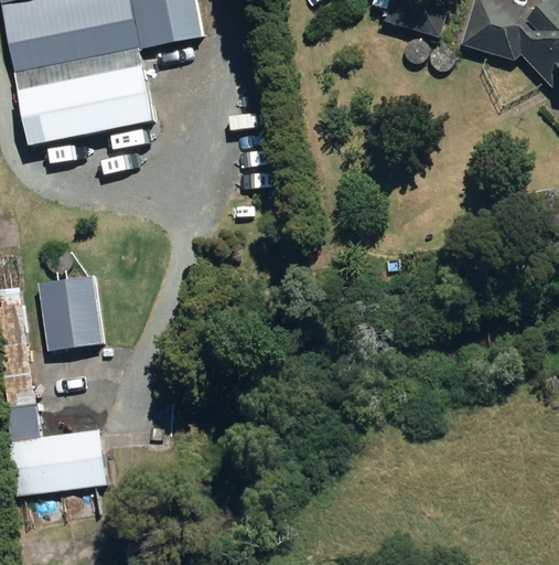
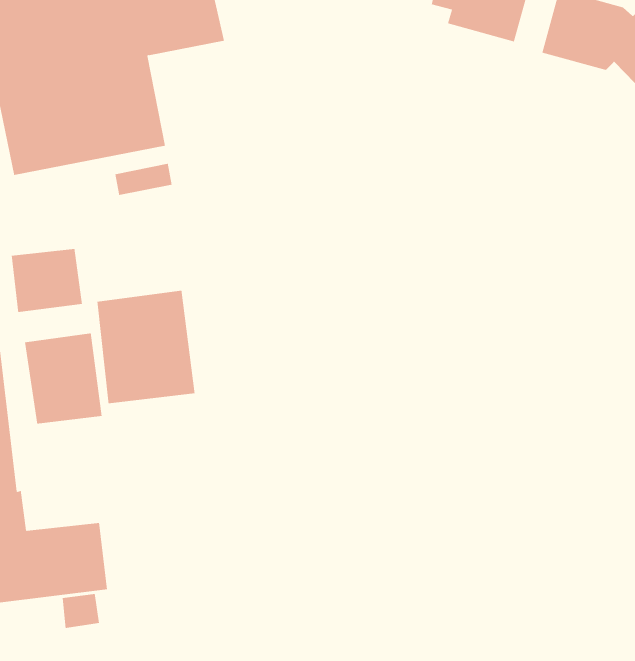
building: none -> [11,248,83,313]
building: none -> [97,290,195,404]

